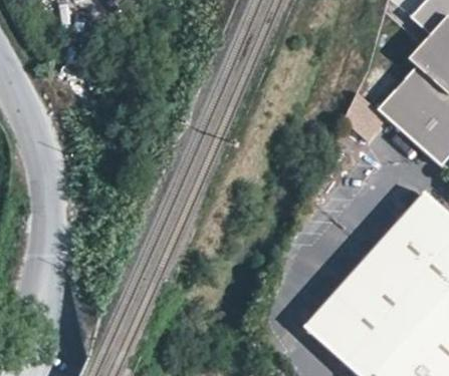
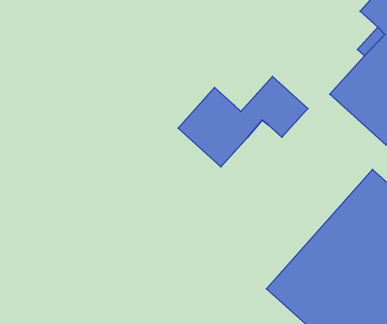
building: none -> [178,77,308,167]

